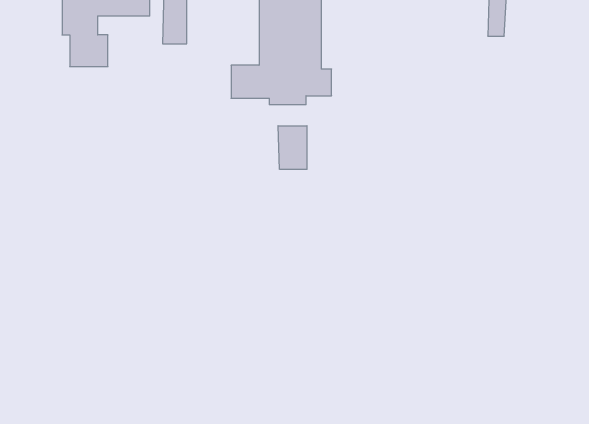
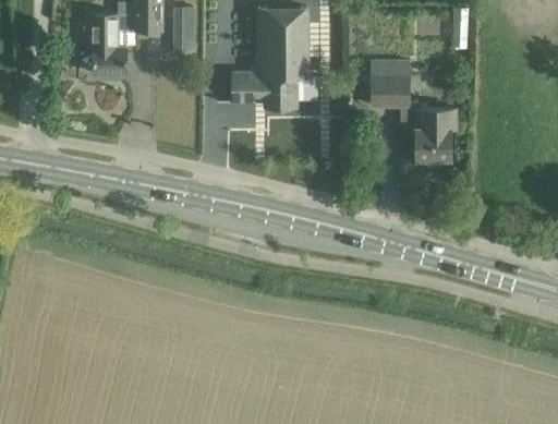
building: none -> [371,73,458,159]
building: [278,126,307,169] -> none

